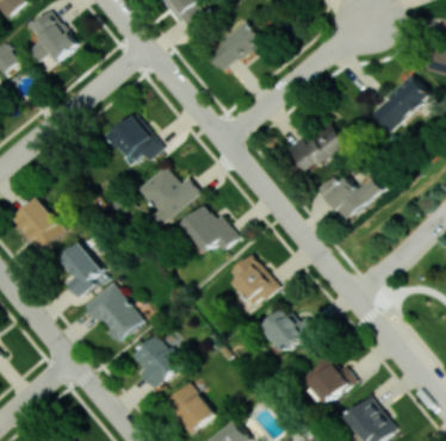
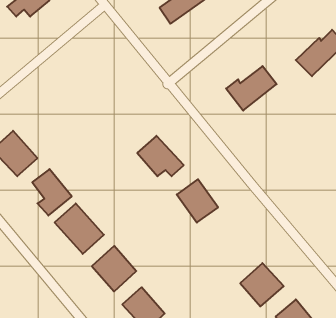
building: [110,116,160,163] -> none
building: [137,167,199,229] -> none
building: [318,178,382,220] -> none
building: [261,308,317,353] -> none

